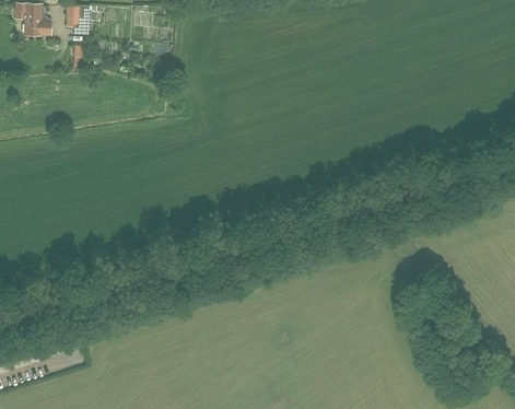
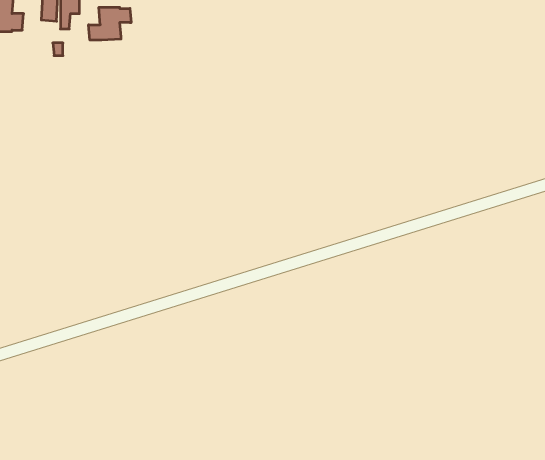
building: none -> [89,7,131,40]

